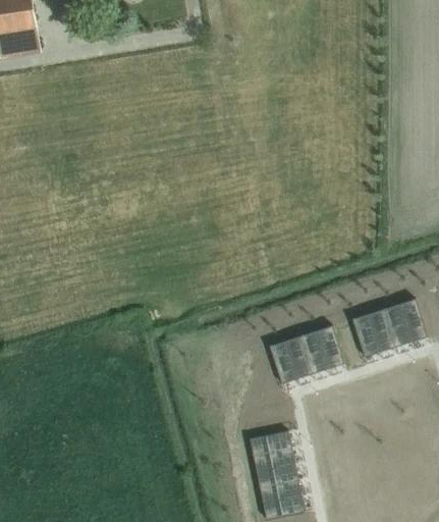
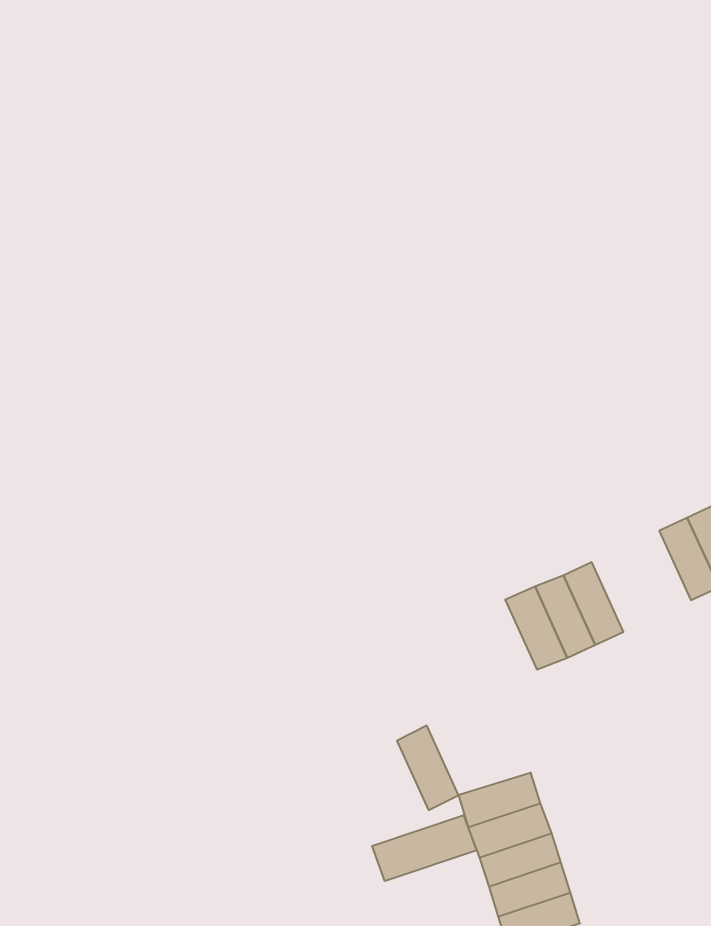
building: [353,314,382,357] -> none
building: [270,341,298,384] -> [397,726,458,810]
building: none -> [372,815,476,881]

